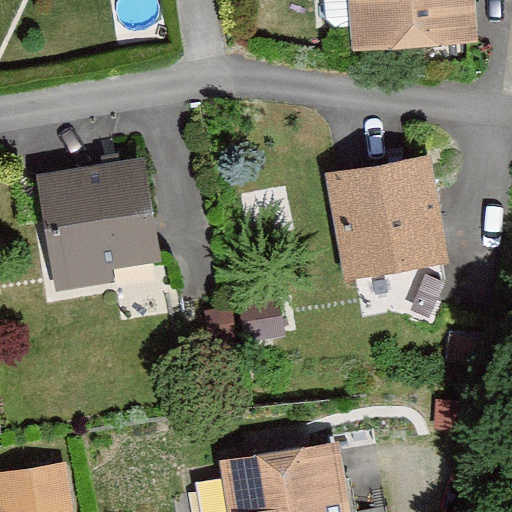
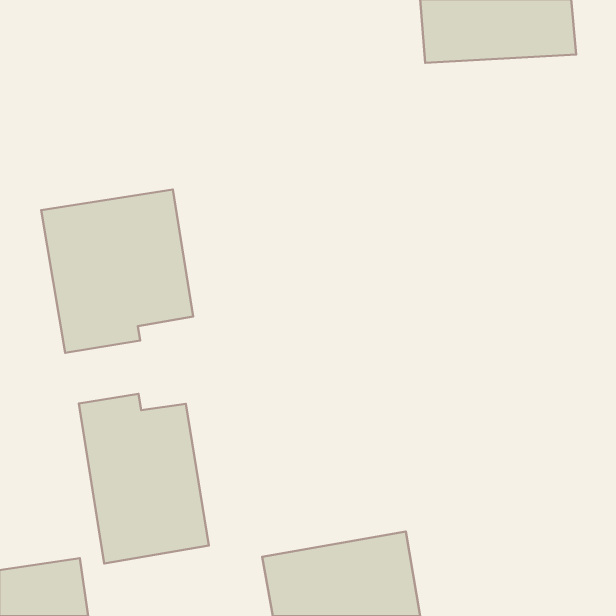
building: [325,157,450,283] -> none
building: none -> [79,394,209,563]

